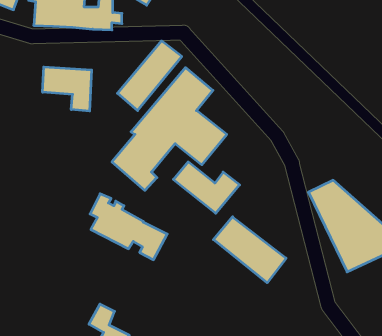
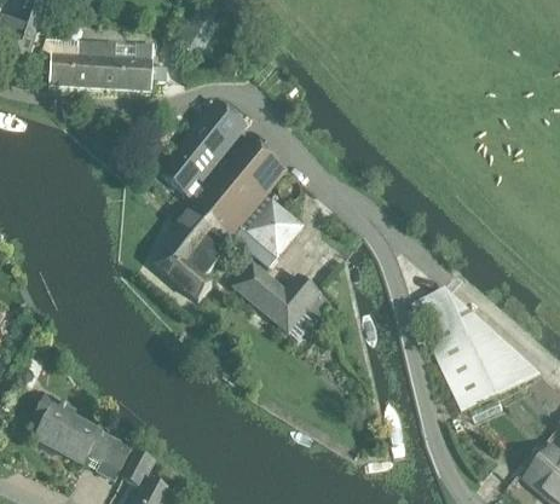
building: [43,67,92,111] -> none
building: [90,194,167,260] -> [31,394,133,481]
building: [213,217,286,283] -> none

